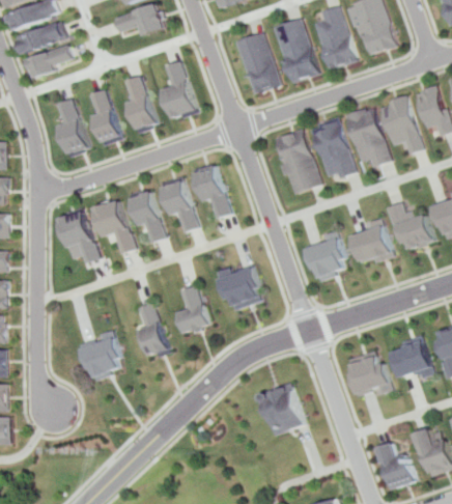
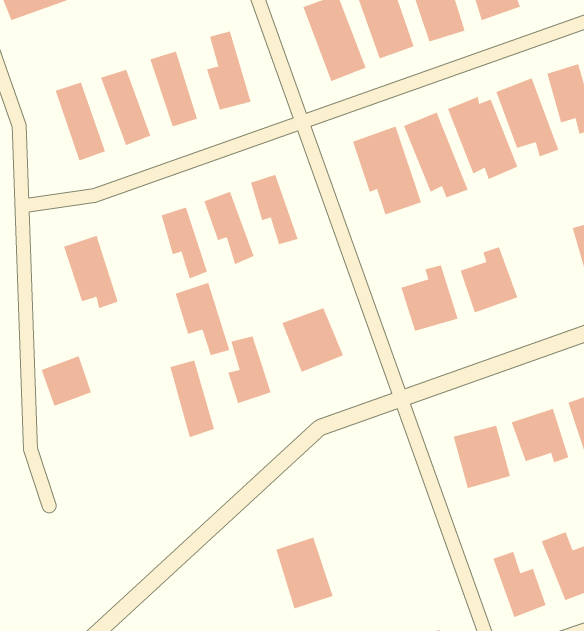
building: [27,46,76,78] -> none
building: [94,200,135,254] -> [175,282,230,356]
building: [385,200,432,252] -> none
building: [86,338,123,375] -> [41,356,92,407]
building: [261,383,304,436] -> [276,537,334,609]

